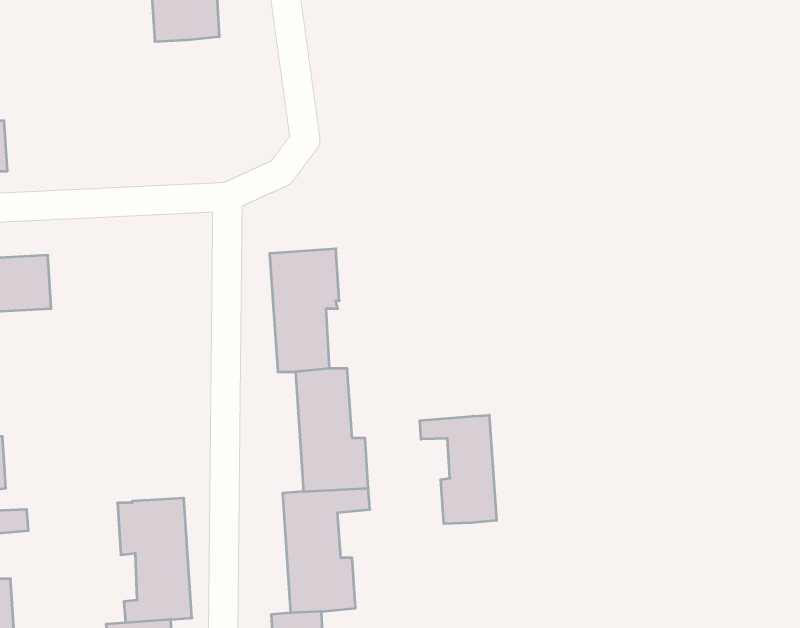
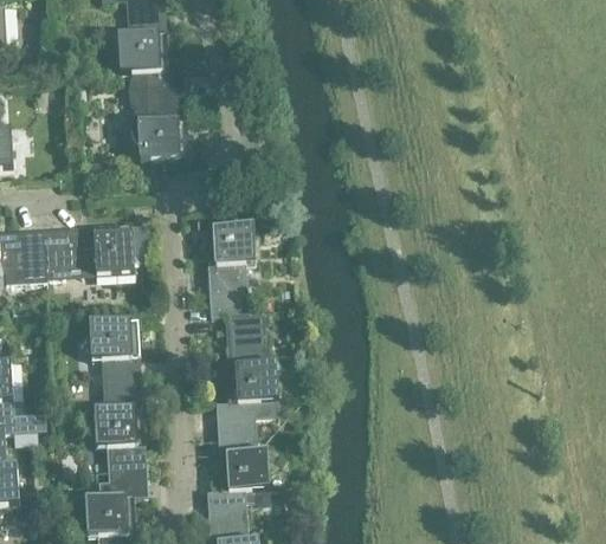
building: none -> [137,70,187,161]
building: none -> [43,225,134,279]
building: none -> [89,319,142,409]
building: [420,415,496,524] -> none

